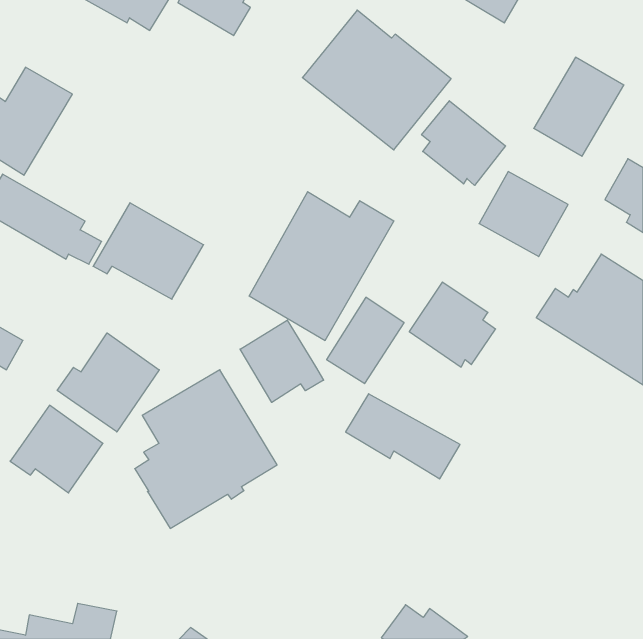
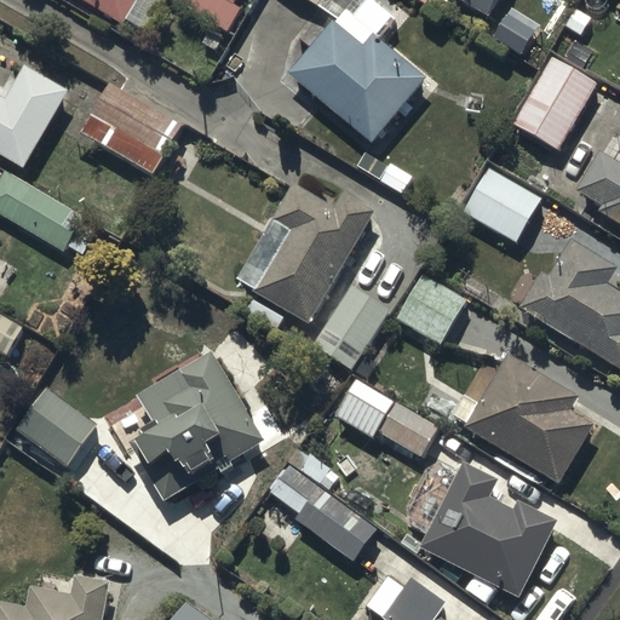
building: [422,101,506,185] -> none
building: [93,203,204,299] -> [71,70,177,162]
building: [240,320,324,402] -> none
building: [57,333,159,432] -> none
building: none -> [447,351,592,484]
building: none -> [265,459,377,559]
building: none -> [418,461,561,602]

